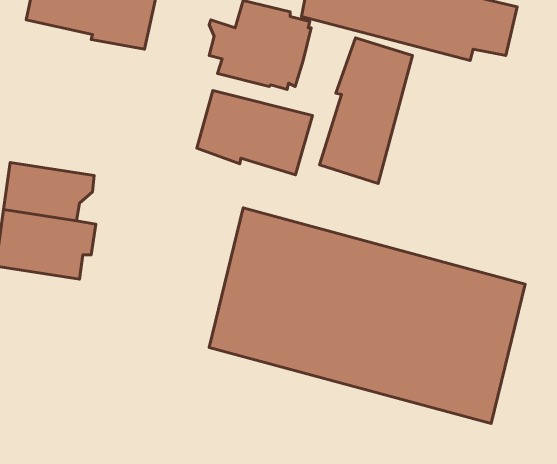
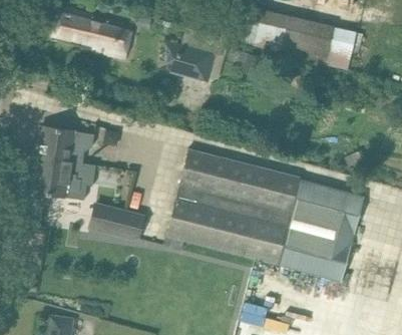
building: [319,38,413,183] -> none
building: [197,90,313,175] -> none
building: none -> [88,202,145,243]

